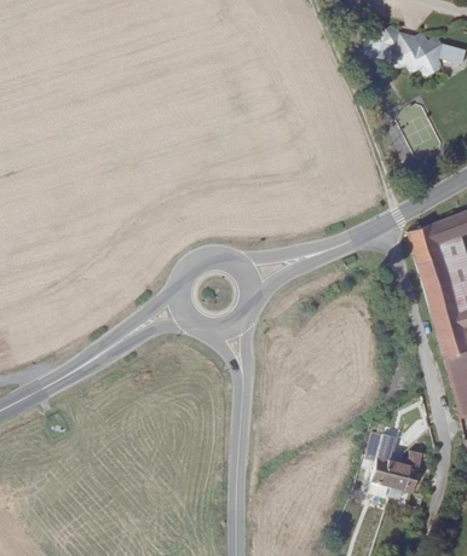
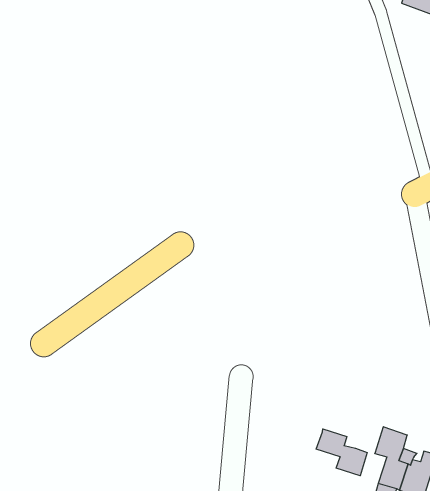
building: none -> [316,429,367,476]

